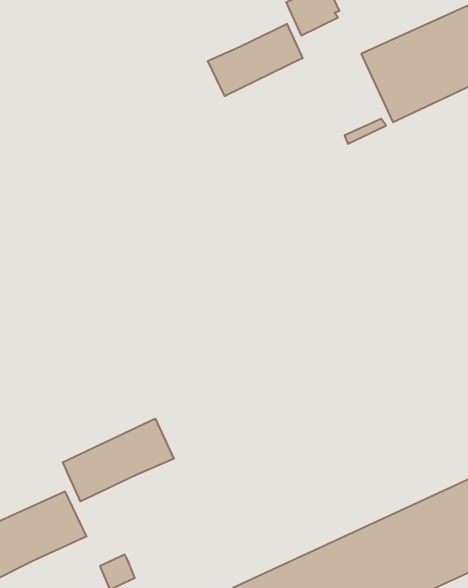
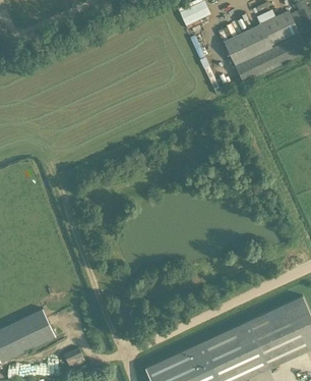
building: [208,24,303,96] -> none
building: [63,419,174,501] -> none

